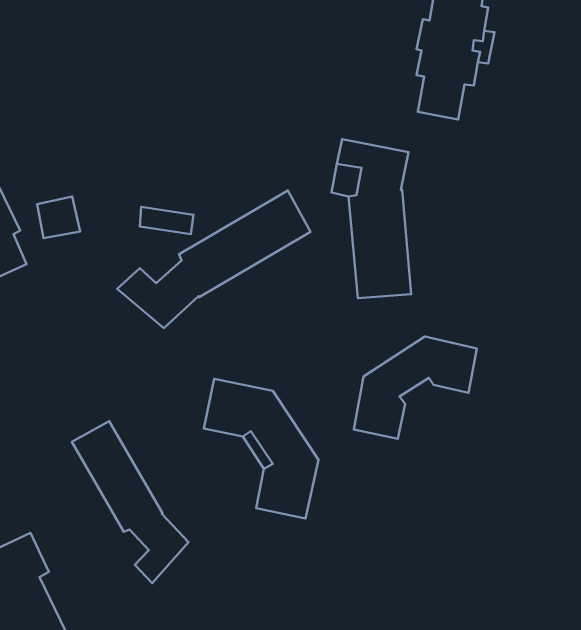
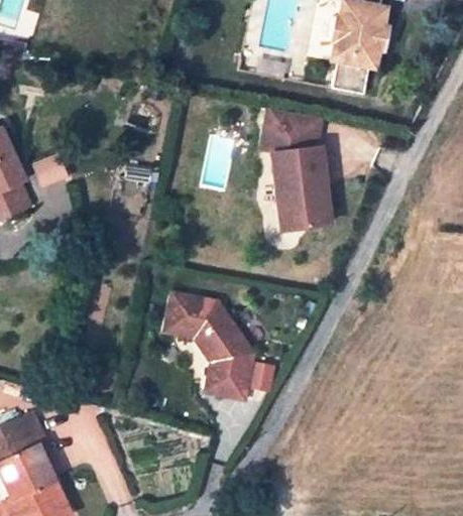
building: [117,190,311,328] -> none
building: [354,337,477,439] -> none
building: [72,421,188,583] -> none

